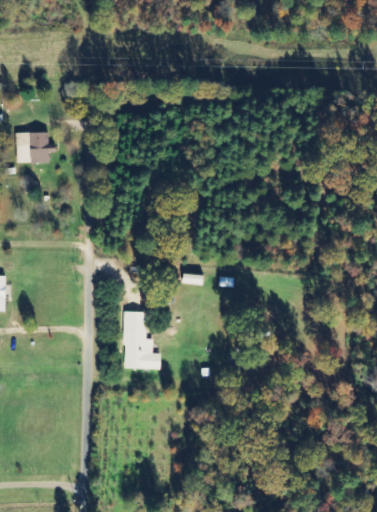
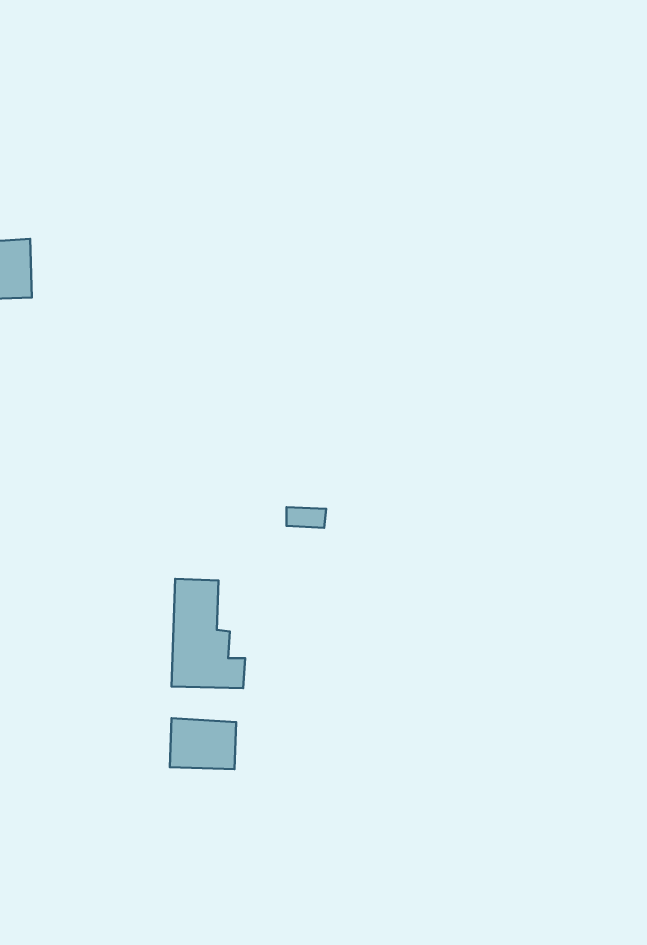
building: none -> [170,718,236,769]

